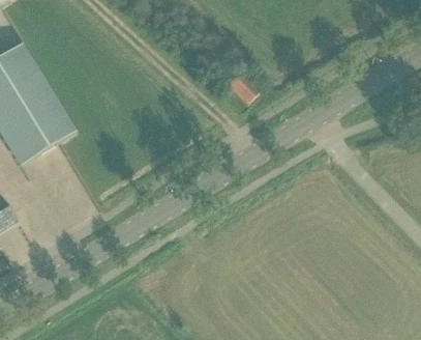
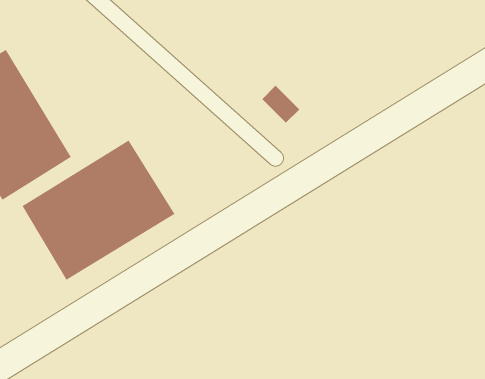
building: none -> [21,140,175,281]

